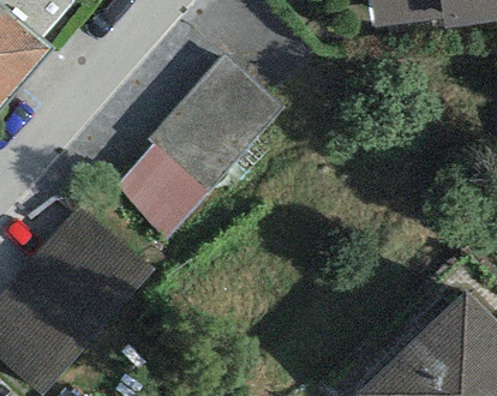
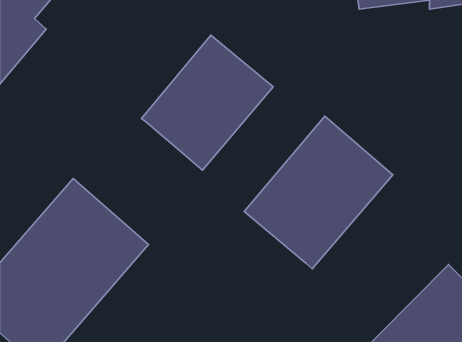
building: none -> [244,116,393,269]
building: [118,144,210,242] -> none

